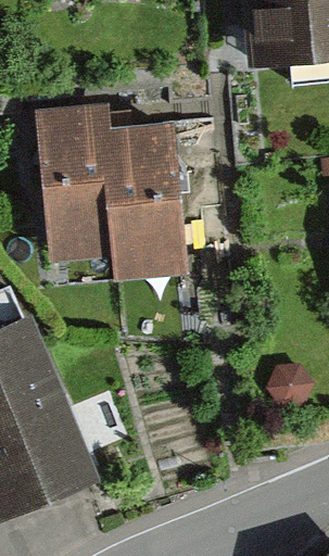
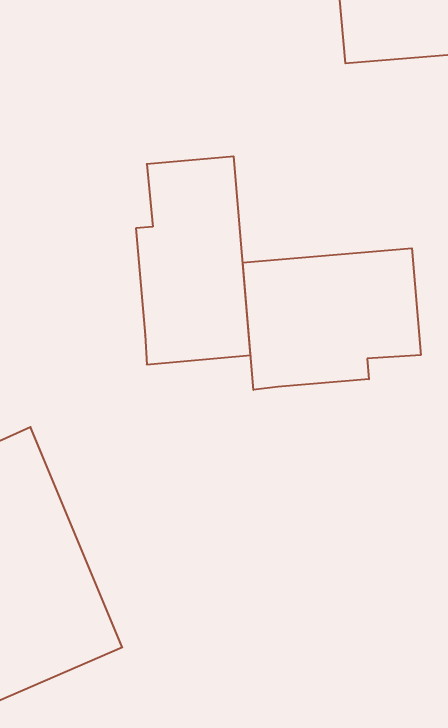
building: [40,108,117,260] -> none
building: none -> [243,248,421,390]

